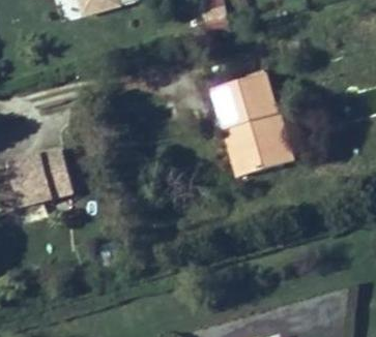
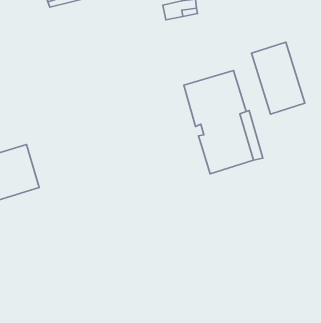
building: none -> [252,42,305,114]

